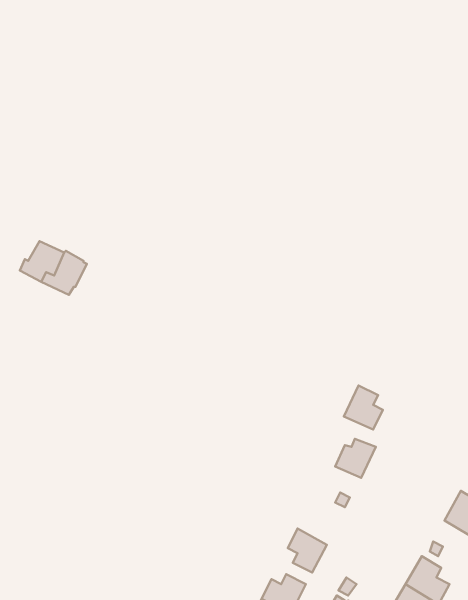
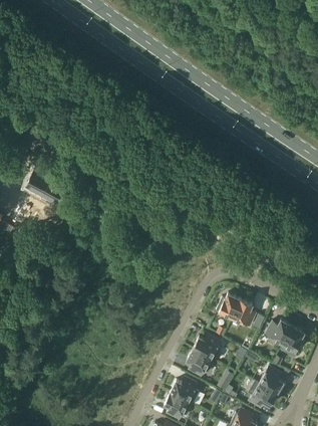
building: [344,385,383,429] -> [232,299,256,327]
building: none -> [265,320,293,345]
building: none -> [193,335,221,360]

